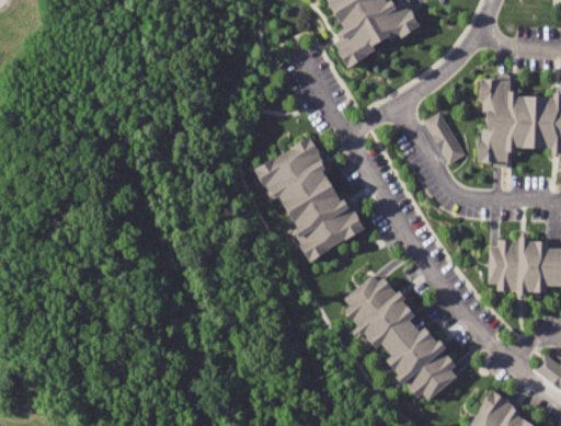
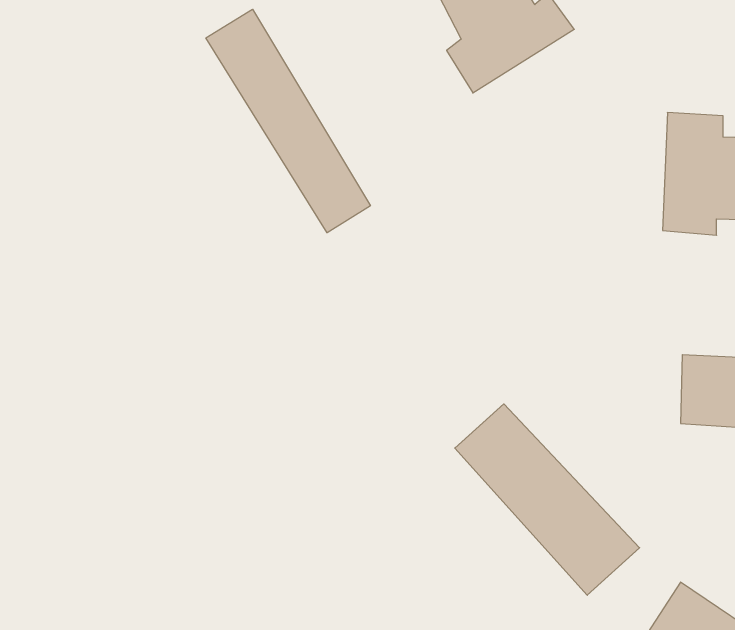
building: none -> [206,9,370,233]
building: [421,111,462,163] -> none
building: [257,138,365,262] -> none

